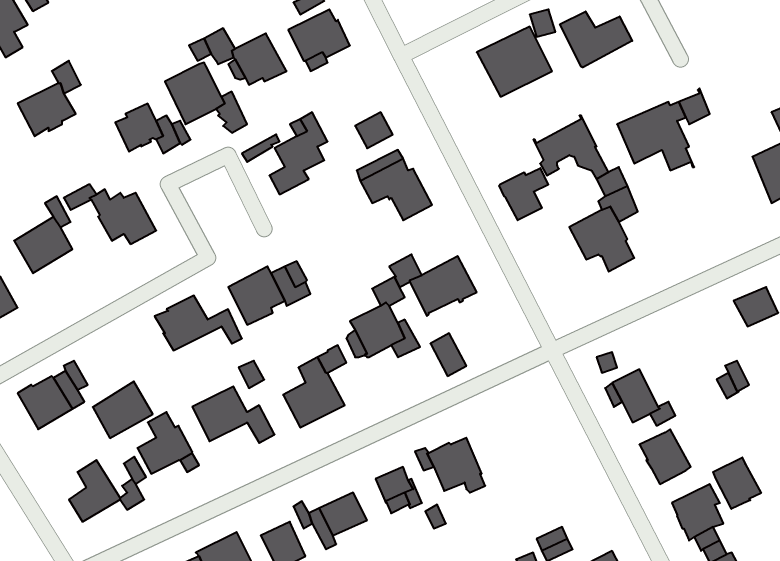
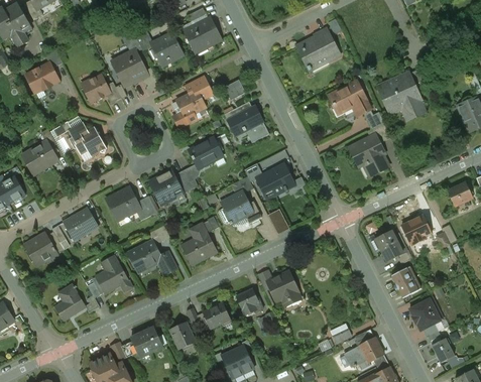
building: [560,11,632,67] -> none
building: [499,168,548,220] -> none
building: none -> [189,137,222,167]
building: none -> [400,215,430,244]
building: [93,381,153,438] -> [63,207,98,240]
building: [713,457,761,509] -> none

